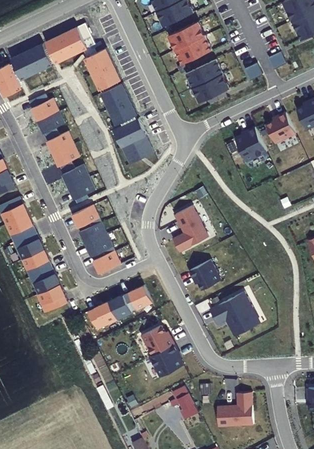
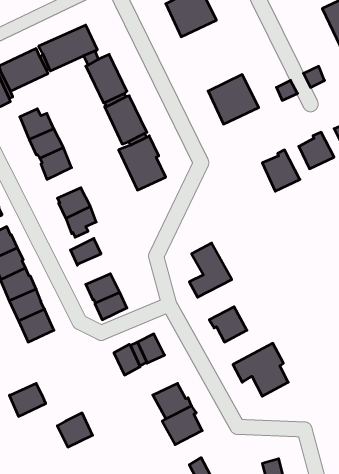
building: [170,27,213,69] -> none
building: [51,143,80,169] -> none
building: [77,216,105,242] -> none
building: [34,281,65,309] -> [9,383,46,416]
building: [87,300,117,329] -> [57,413,93,447]

